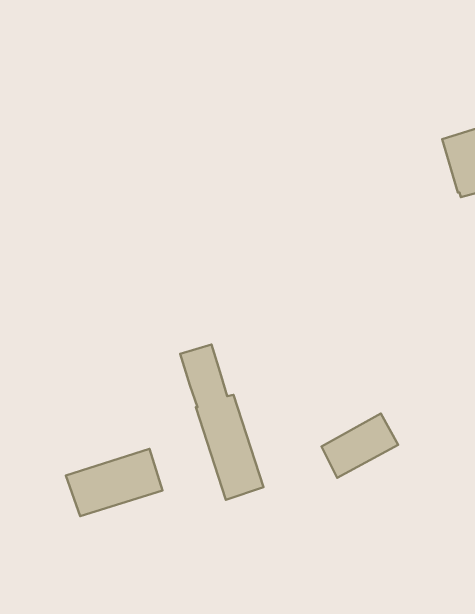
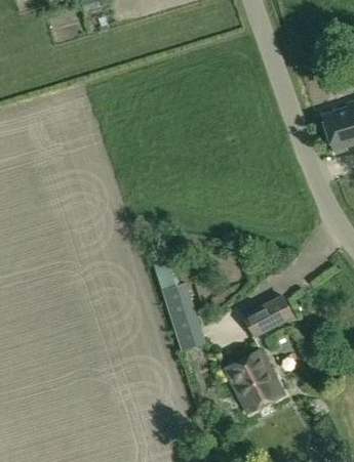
building: [66,449,162,516] -> none
building: none -> [224,348,284,414]

